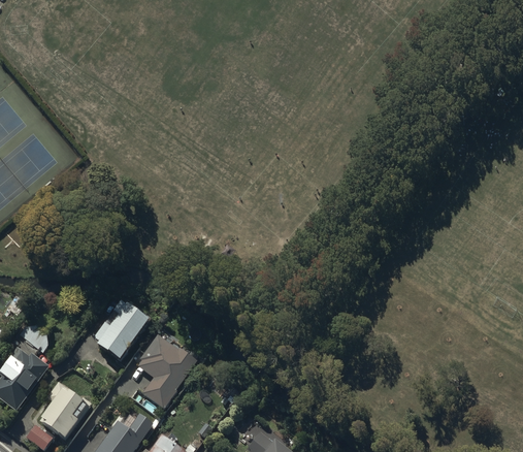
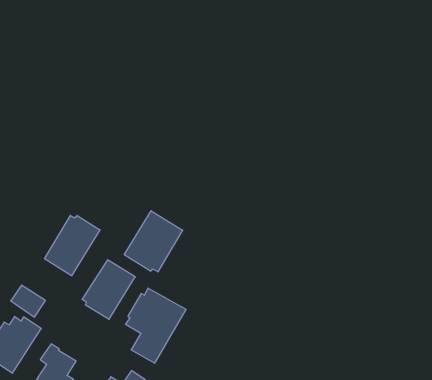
building: none -> [45,215,100,276]
building: none -> [124,211,183,272]

